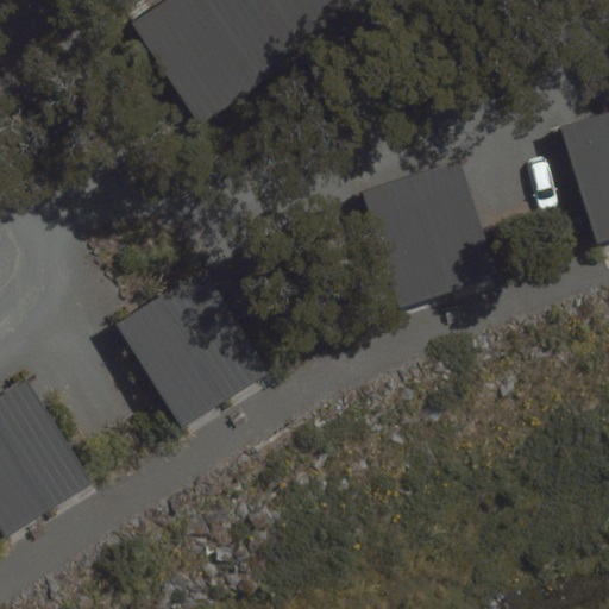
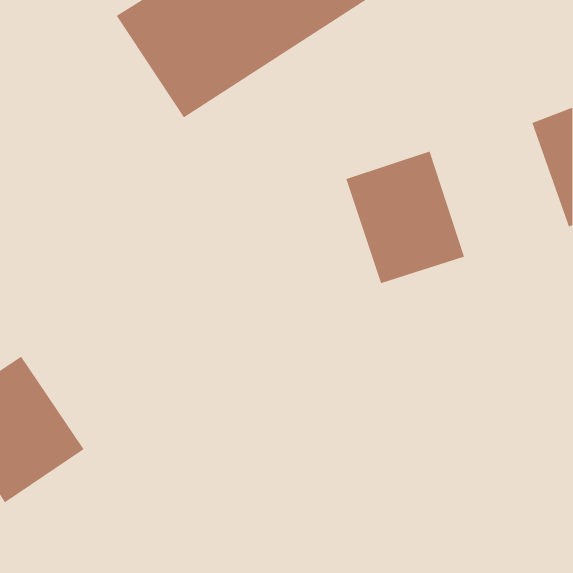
building: [118,270,270,426] -> none

